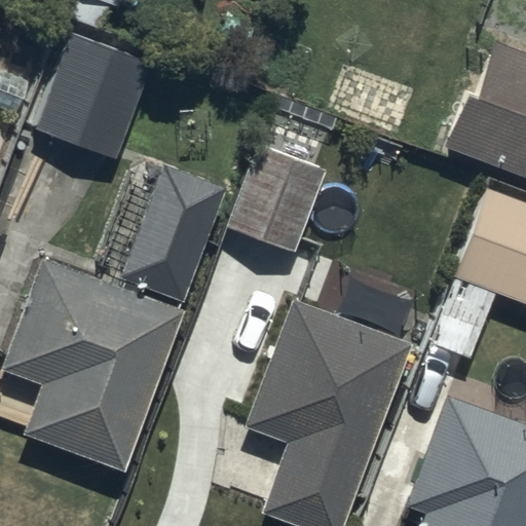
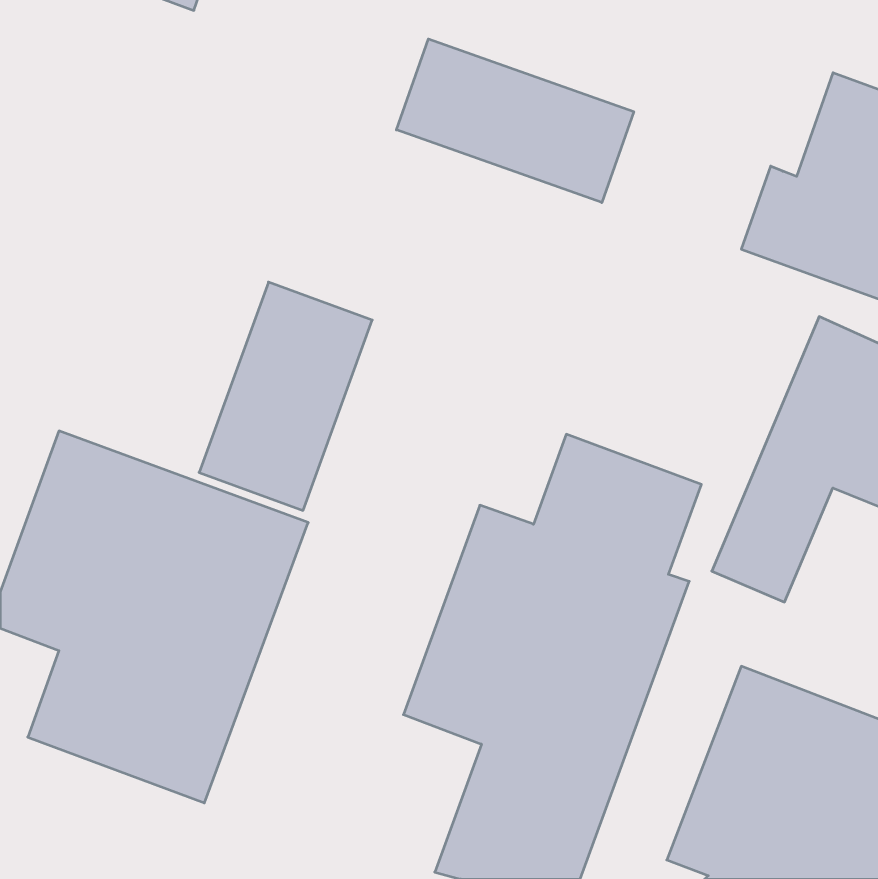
building: none -> [396,39,634,203]
building: [34,33,151,157] -> none
building: [225,148,325,255] -> none

